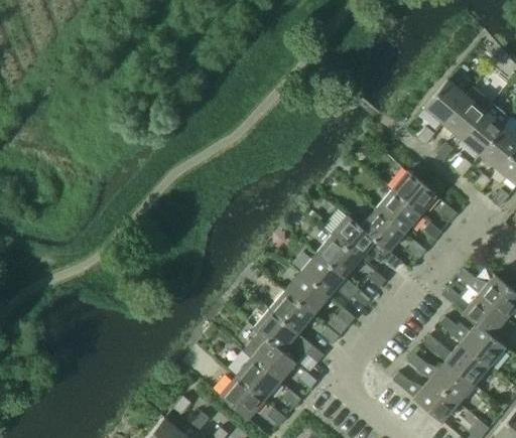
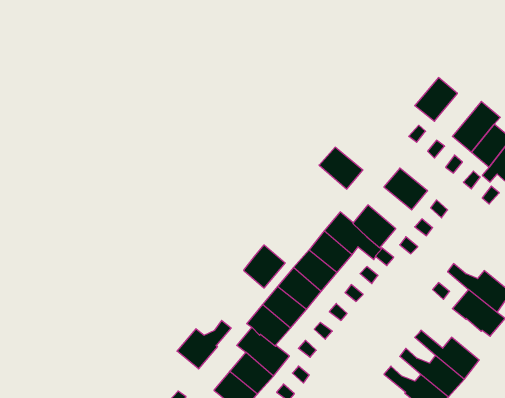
building: [443,97,485,140] -> none
building: [376,191,420,234] -> [319,147,363,189]
building: none -> [244,245,285,288]
building: [438,317,505,367] -> none
building: none -> [177,320,231,369]

